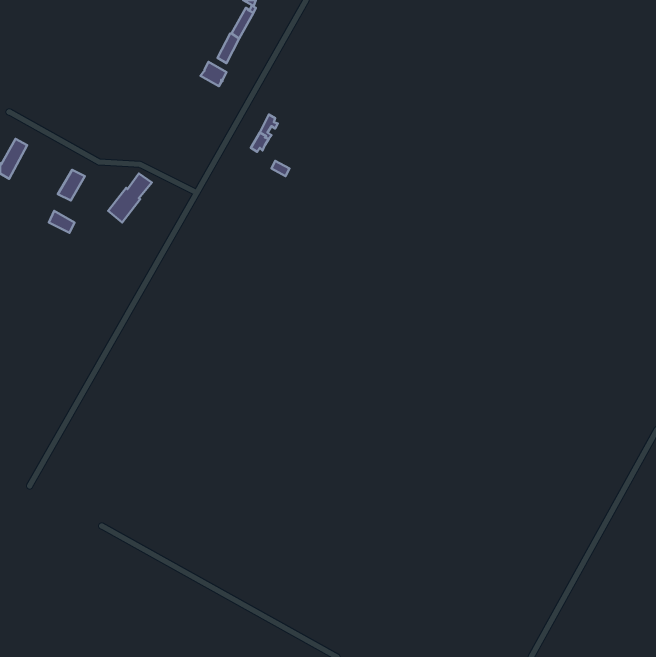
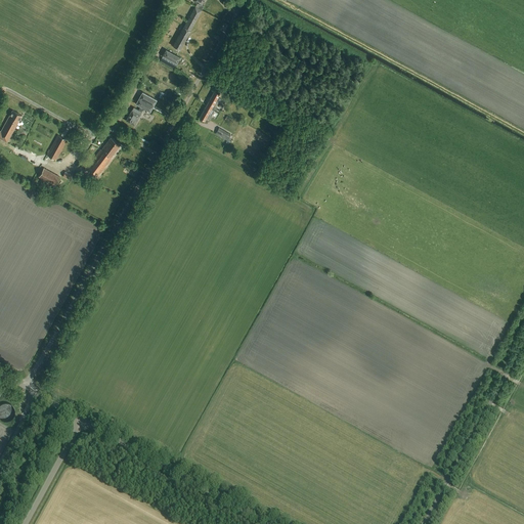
building: none -> [127,91,158,125]

